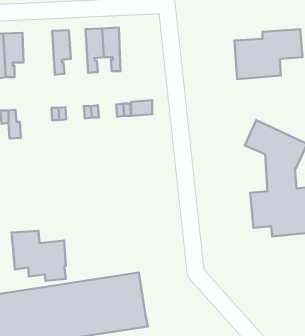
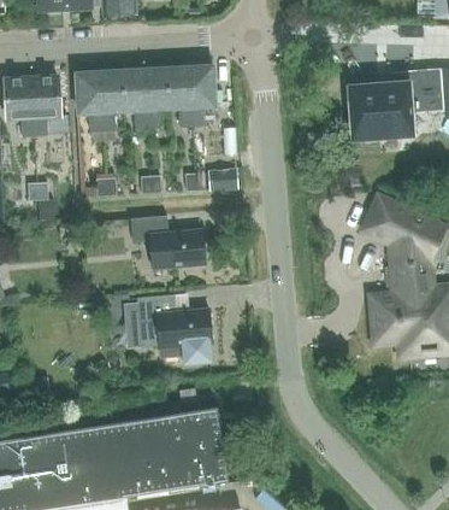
building: none -> [189,68,214,129]
building: none -> [120,71,147,131]
building: none -> [76,74,101,135]
building: none -> [130,217,205,270]
building: [11,231,66,281] -> [136,297,211,365]

